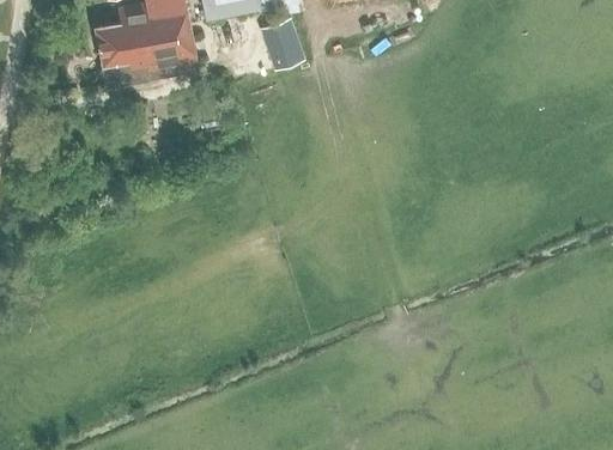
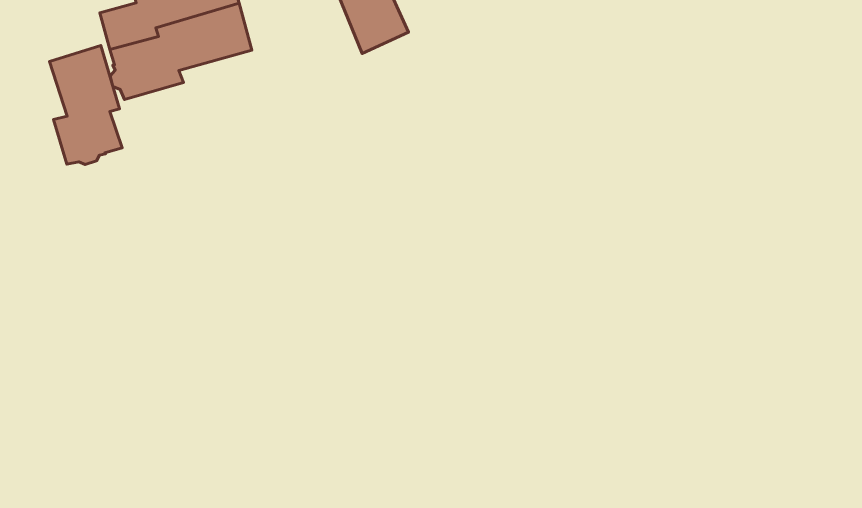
building: none -> [50,46,122,165]

